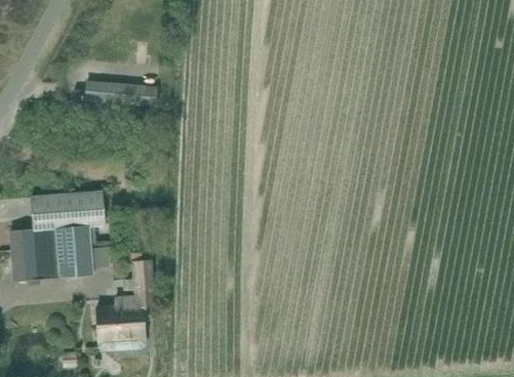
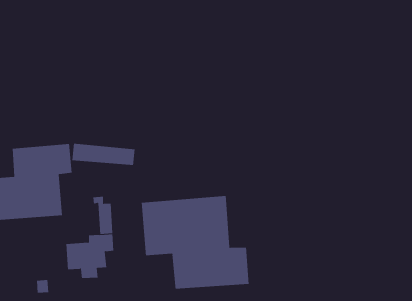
building: [82,80,158,107] -> [71,143,136,166]
building: none -> [141,195,249,289]

